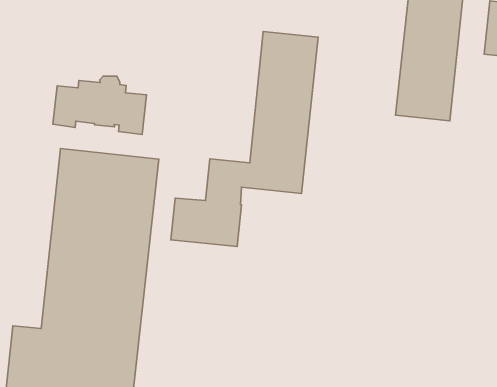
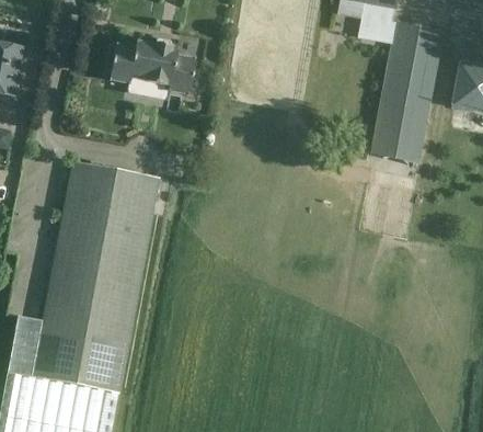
building: [171,31,318,247] -> none
building: [53,76,146,135] -> [110,39,195,94]

